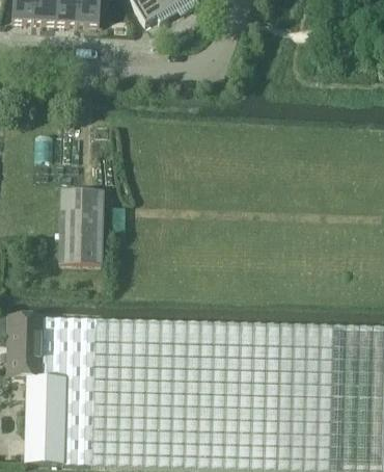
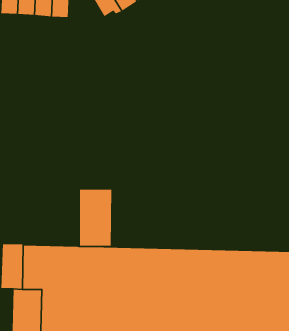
building: [61,189,104,263] -> [79,189,112,246]

